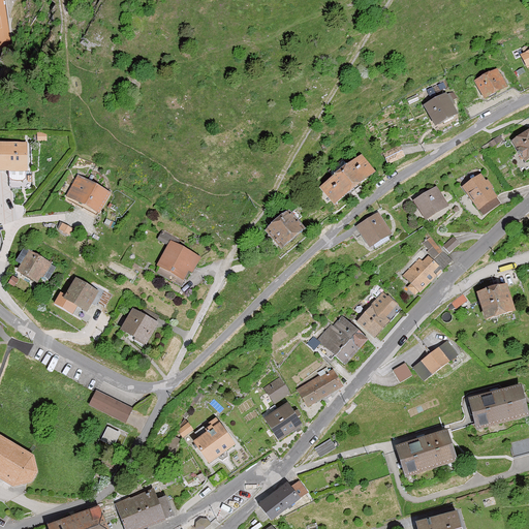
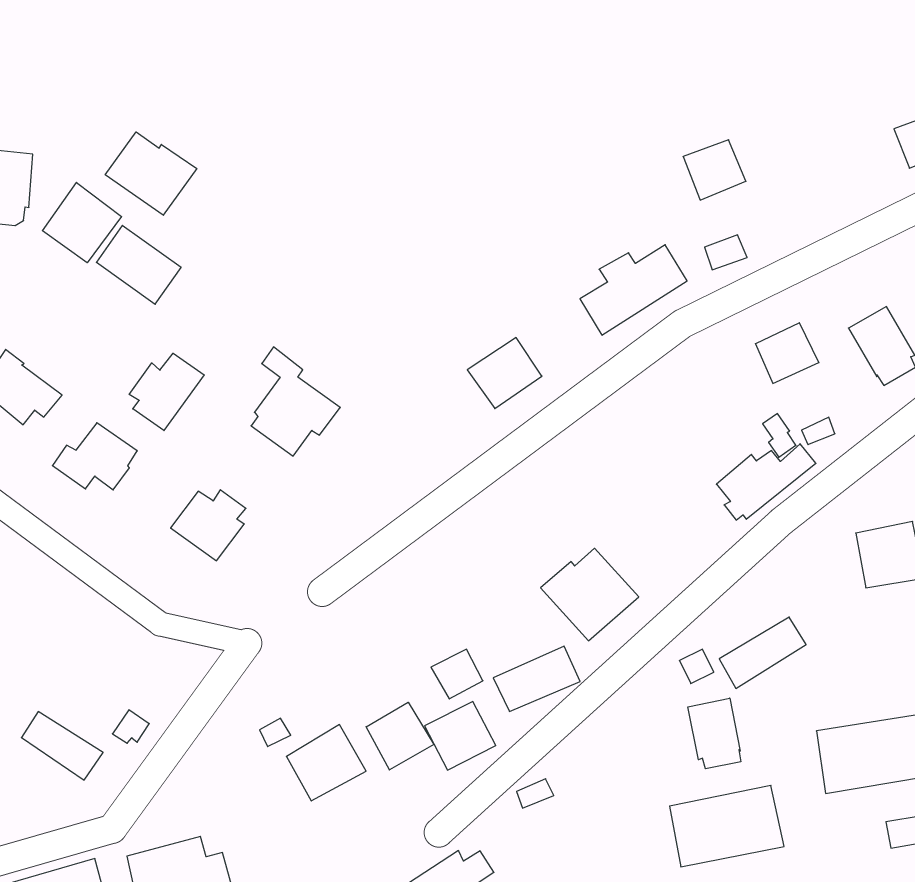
building: [423,93,457,126] -> [683,140,746,200]
building: none -> [105,132,197,215]
building: none -> [42,182,122,263]
building: [355,212,391,247] -> none
building: none -> [129,353,204,431]
building: [355,290,400,336] -> none
building: none -> [688,698,741,769]
building: [88,390,131,423] -> [21,712,103,780]
building: none -> [366,702,434,770]

